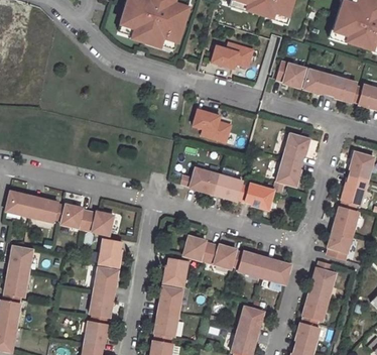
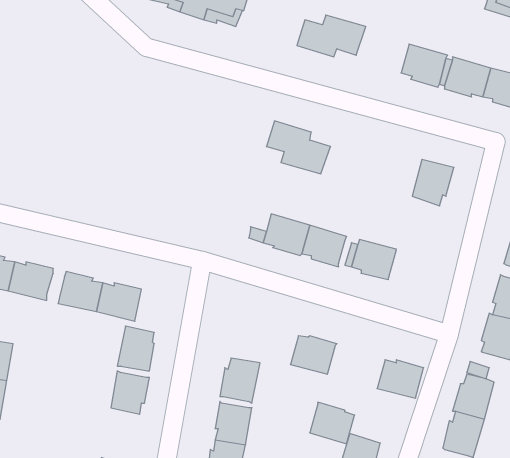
building: [273,156,300,193] -> none
building: [182,235,212,262] -> none
building: [238,251,266,277] -> [310,402,355,444]
building: [89,289,112,317] -> none

